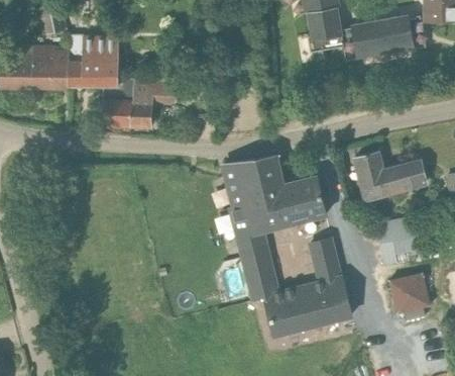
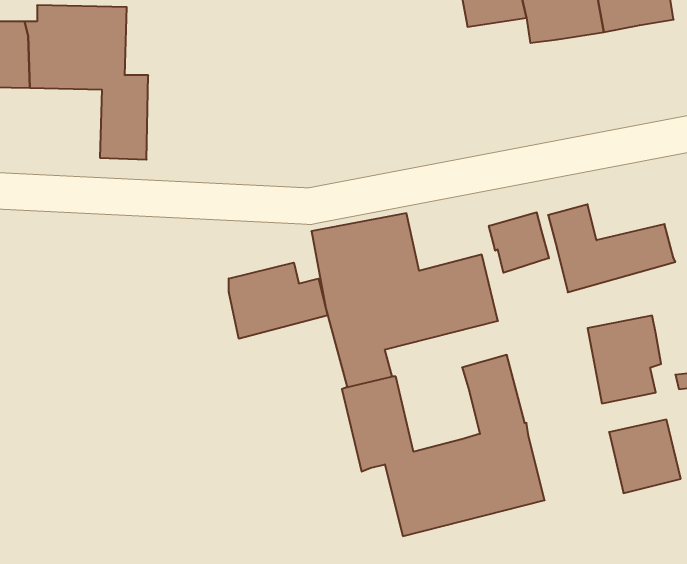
building: [129,78,178,126] -> none
building: none -> [489,212,549,273]
building: none -> [229,263,328,339]

